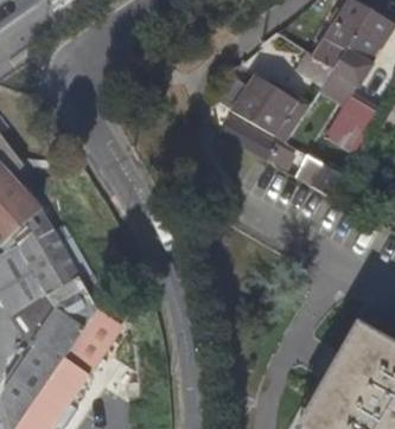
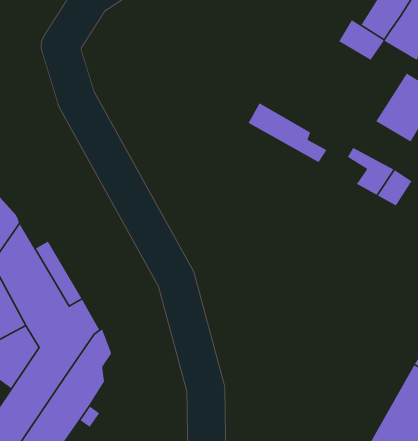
building: [230,78,308,142] -> none

